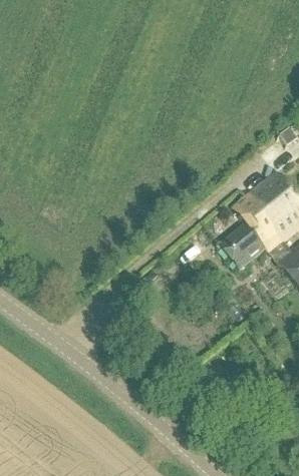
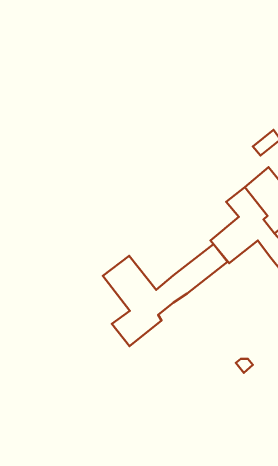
building: none -> [103,244,227,346]

